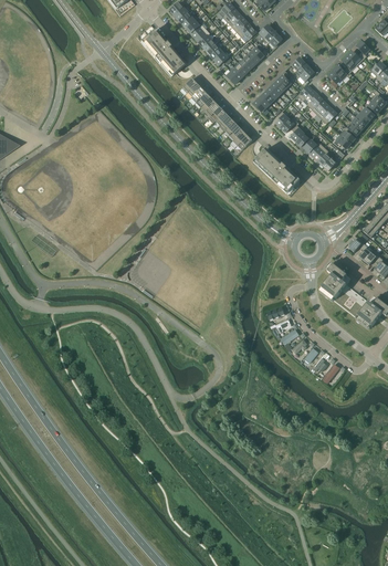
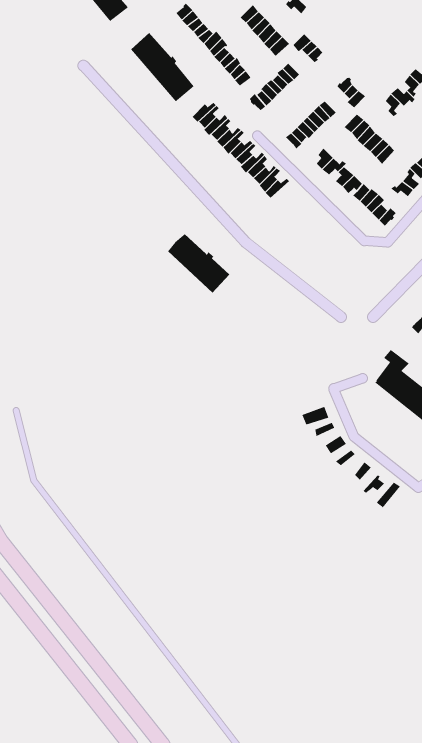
building: [253,149,301,195] -> [167,233,230,293]

